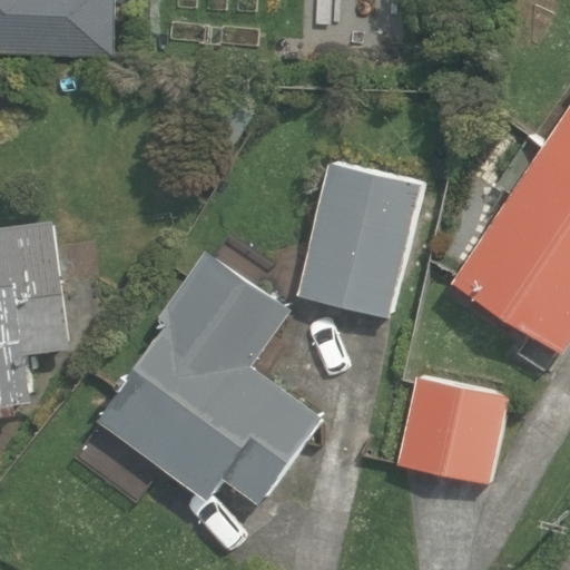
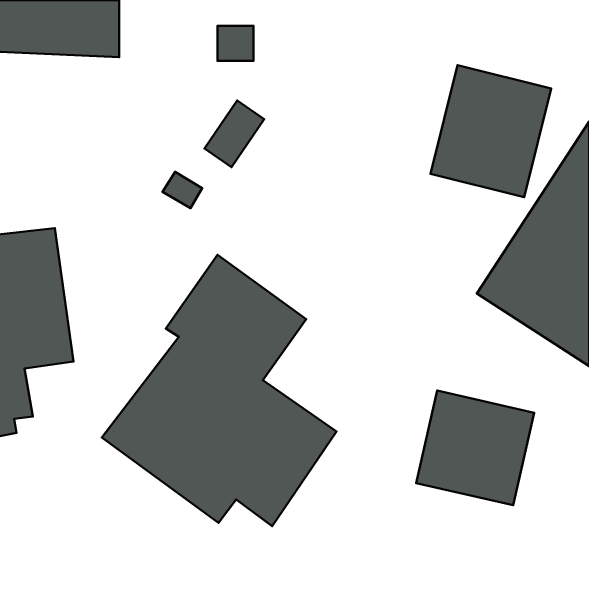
building: none -> [431,65,551,197]
building: [297,161,421,320] -> none

